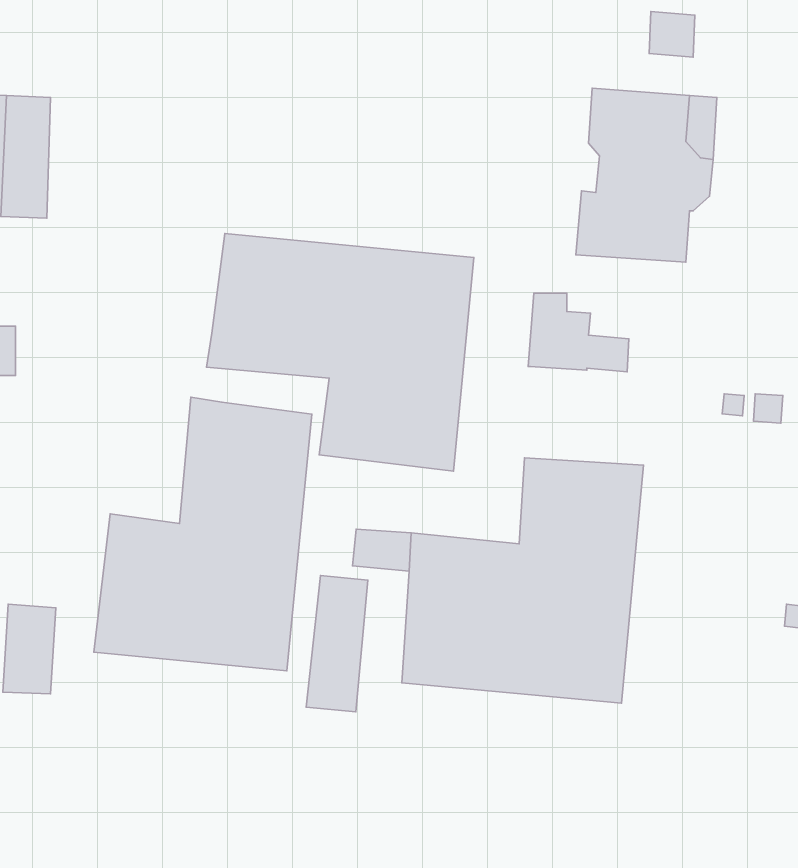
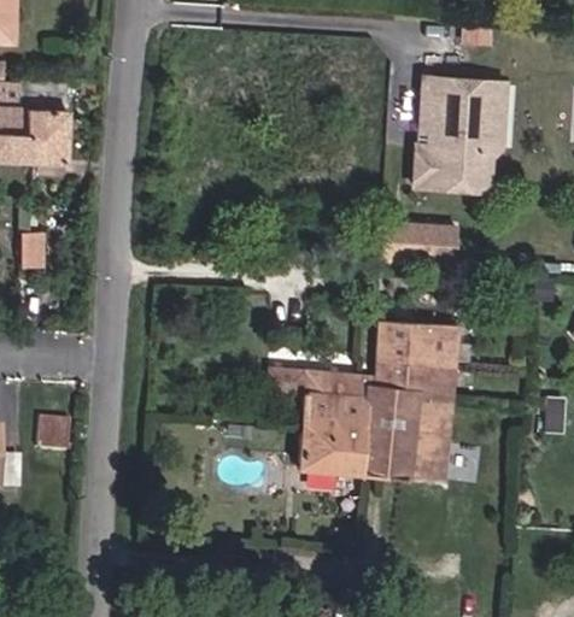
building: [207,233,474,471] -> none
building: [94,397,312,671] -> none
building: [306,576,368,712] -> none

